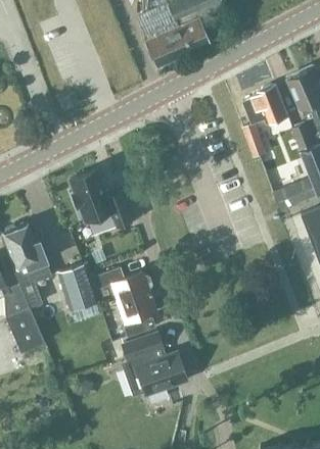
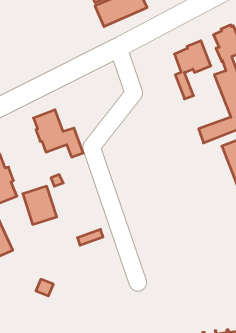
building: [93,268,155,322] -> none
building: [123,332,189,395] -> none

